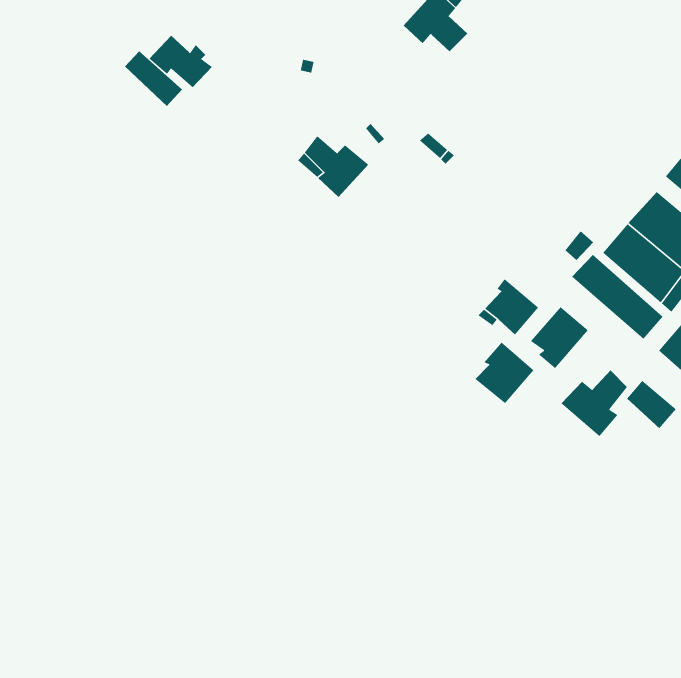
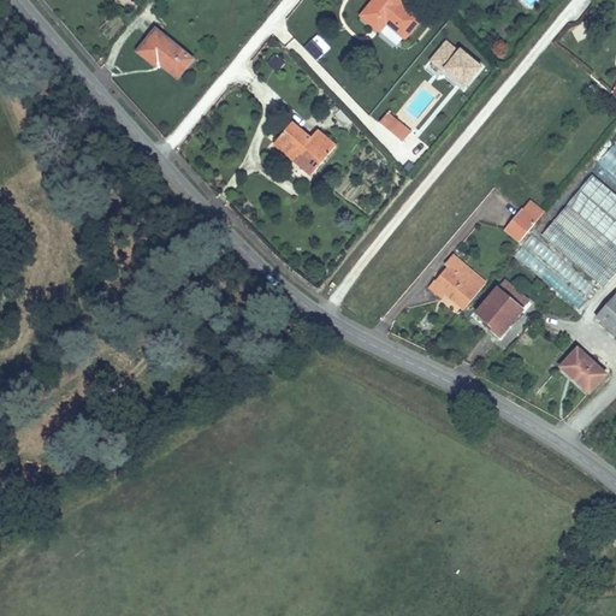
building: none -> [426,35,485,88]
building: [124,51,183,107] -> none
building: [475,342,535,404] -> none
building: [560,369,628,437] -> none

